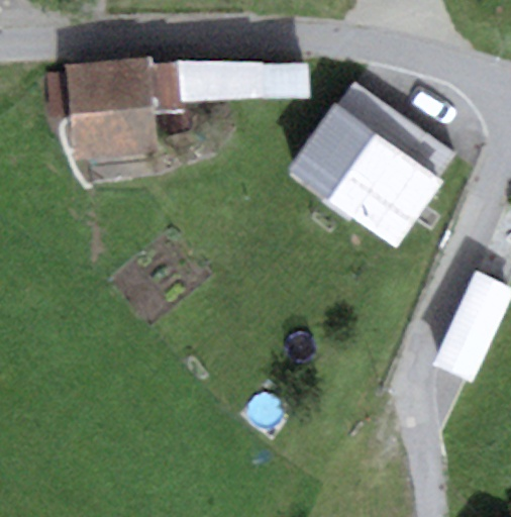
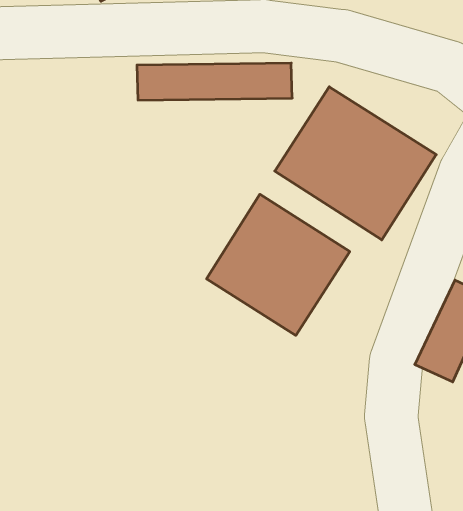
building: [65,65,157,161] -> none
building: none -> [207,194,350,335]

